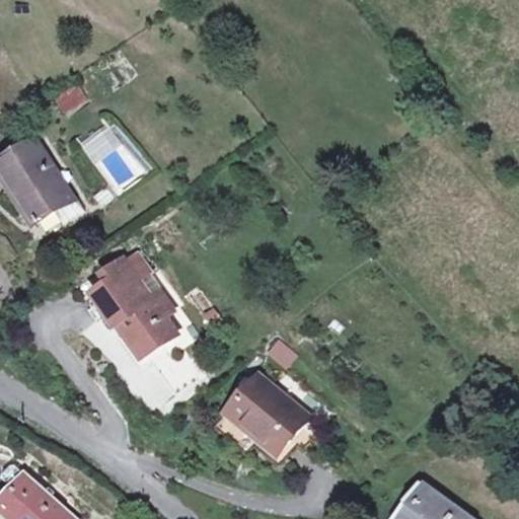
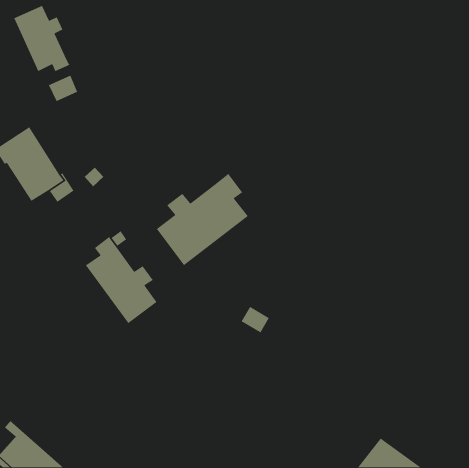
building: none -> [13,5,71,72]
building: none -> [156,172,249,266]
building: [225,375,307,454] -> none

